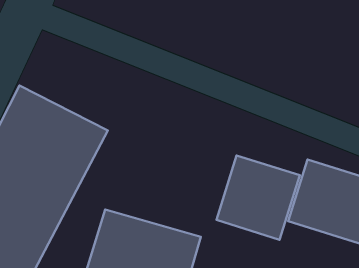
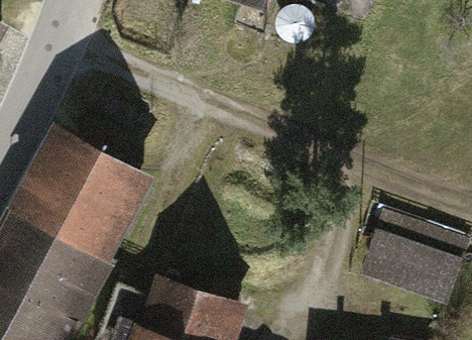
building: [216,155,300,240] -> none

